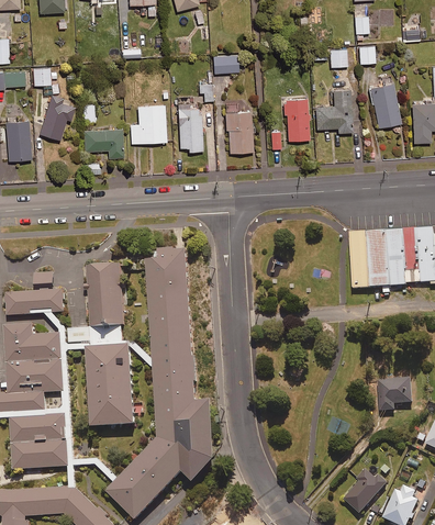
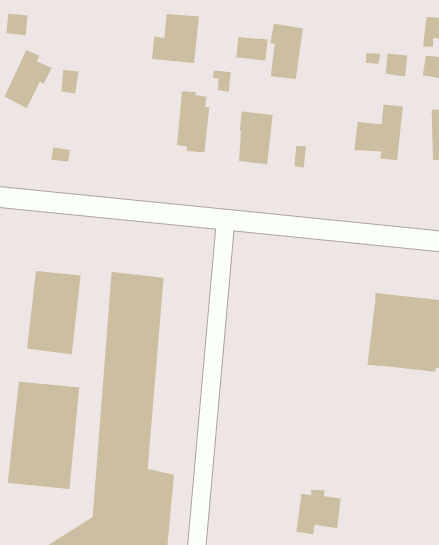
building: [281,98,306,139] -> [270,23,304,80]
building: [129,103,164,143] -> [151,13,200,64]
building: [82,129,121,157] -> none
building: [378,375,411,411] -> [296,489,341,535]

